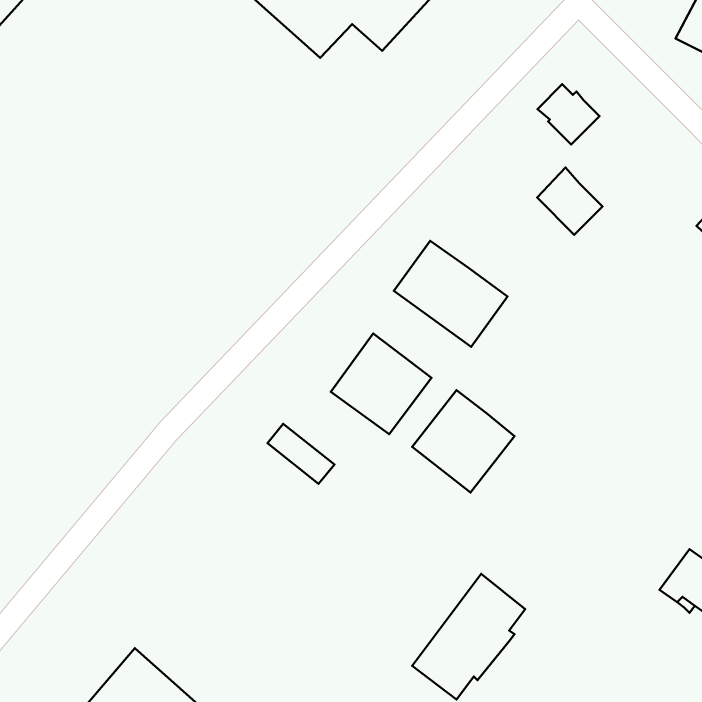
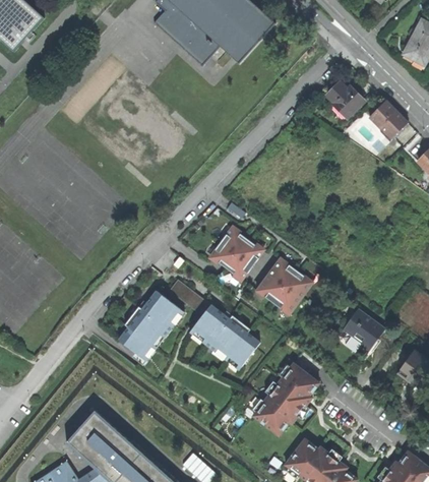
building: [537,168,603,235] -> [370,100,408,138]
building: [394,241,508,347] -> none
building: none -> [116,291,181,363]
building: none -> [188,302,260,372]
building: none -> [339,308,383,352]

